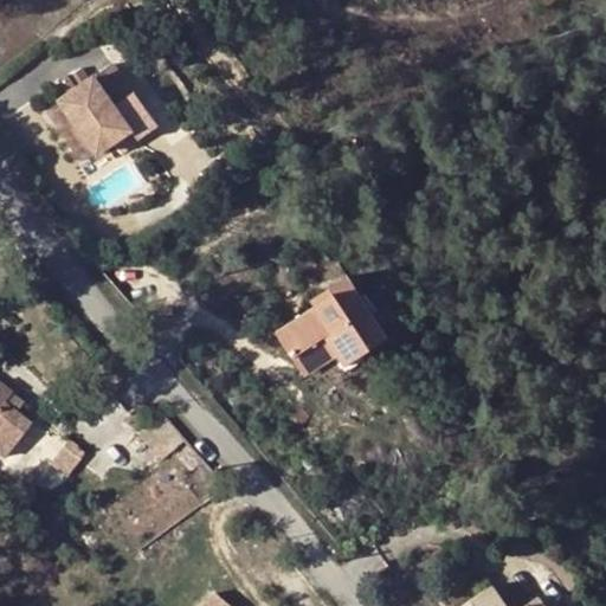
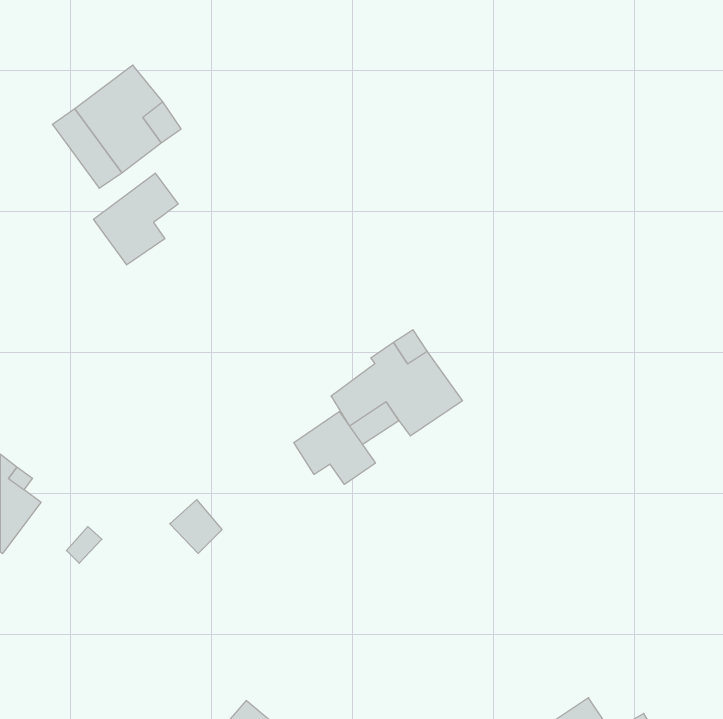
building: none -> [94,173,178,265]
building: none -> [294,412,375,484]

